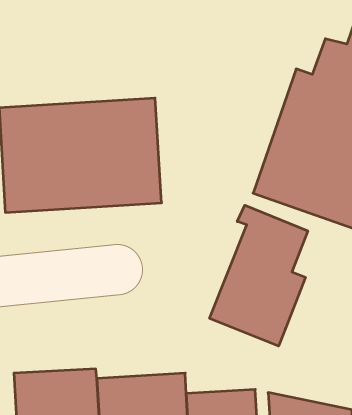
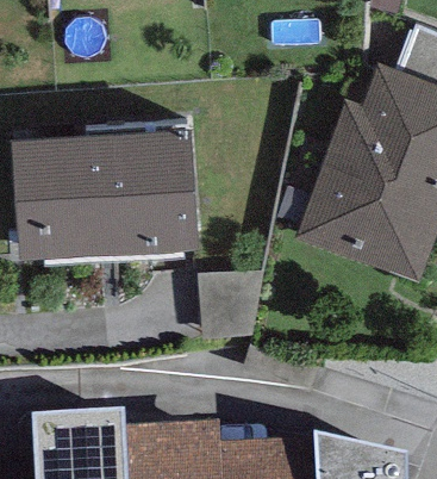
building: [210,205,308,346] -> none

